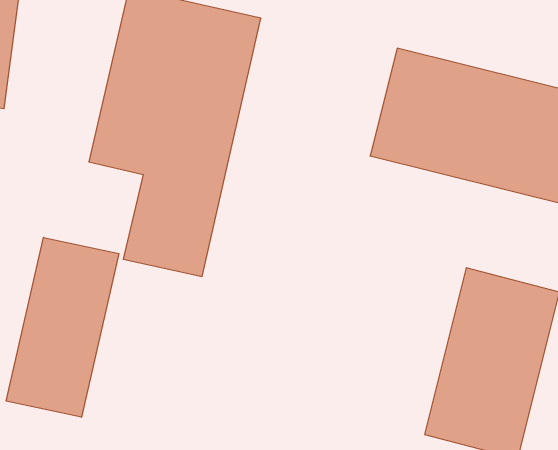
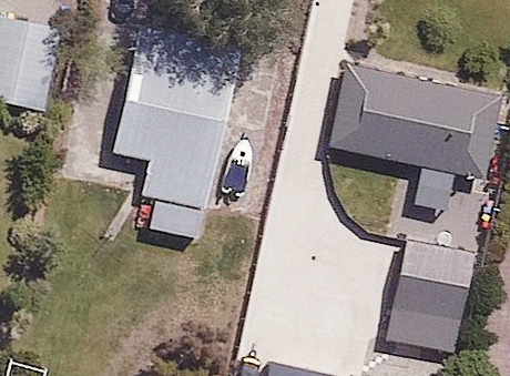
building: [6,237,119,417] -> none

